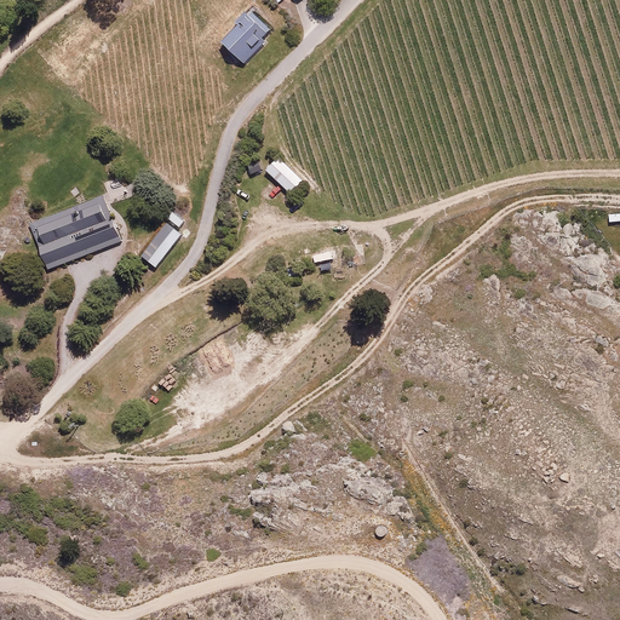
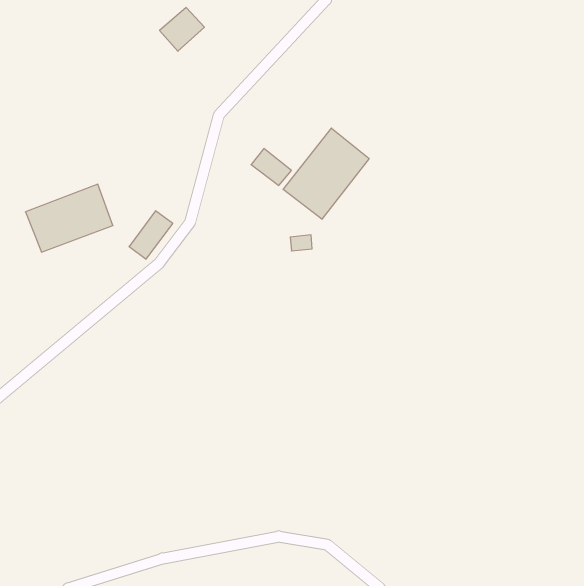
building: [225,7,272,53] -> [160,7,204,51]
building: none -> [283,128,369,219]

